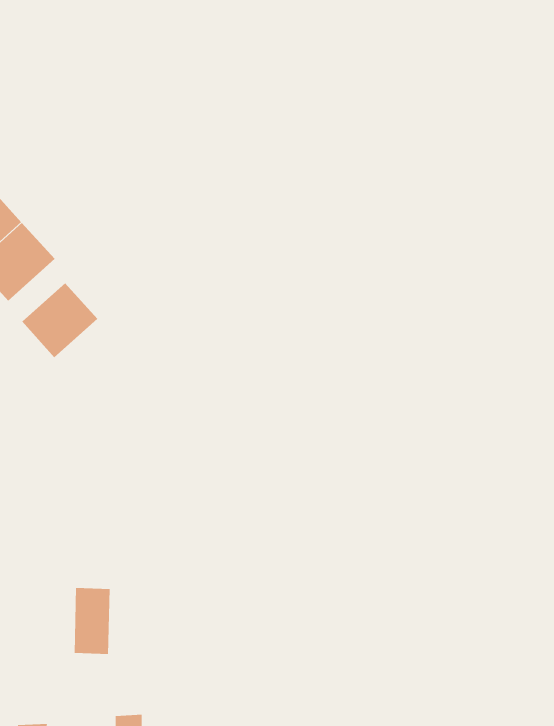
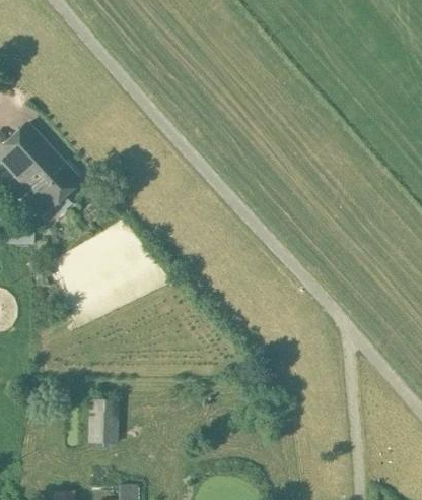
building: [21,282,98,358] -> none

